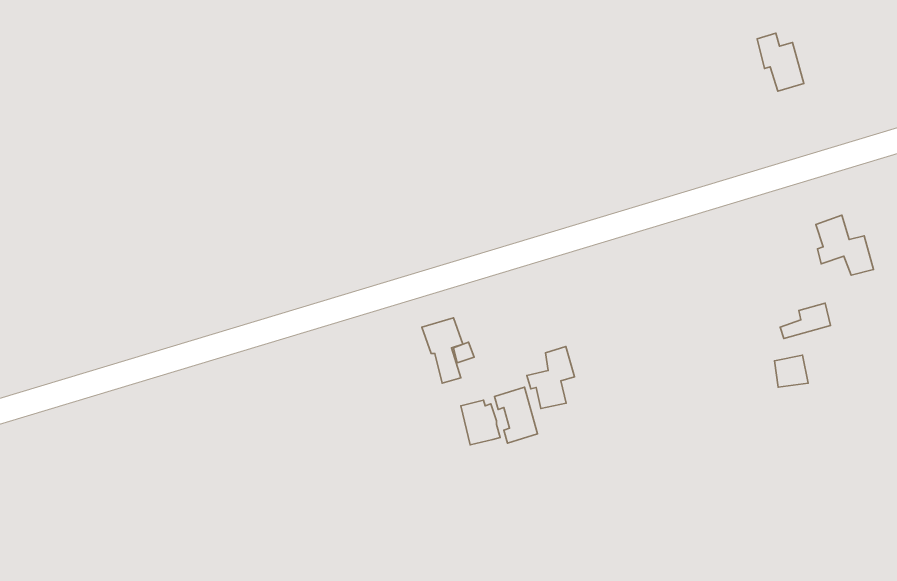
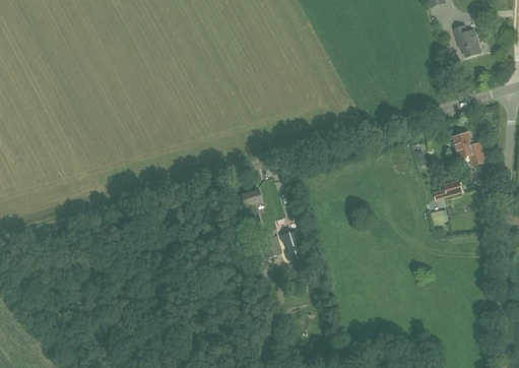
building: [757,33,804,91] -> [454,24,479,56]
building: [527,346,574,408] -> none

